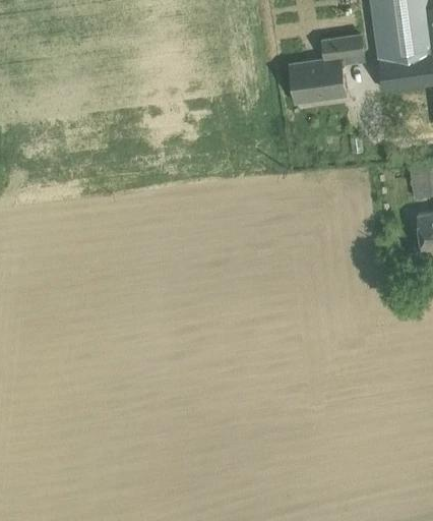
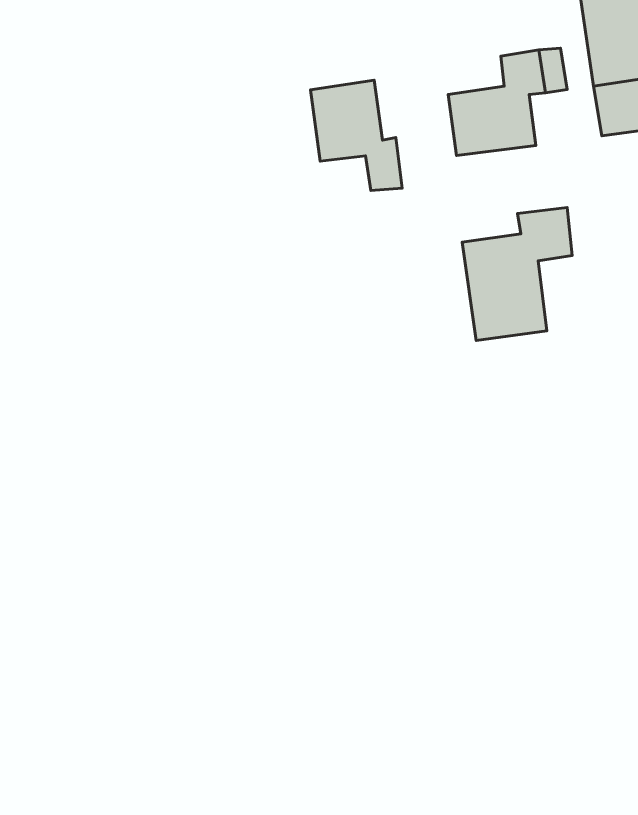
building: none -> [310,80,402,191]
building: none -> [462,208,572,340]

